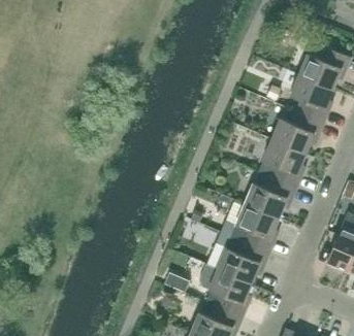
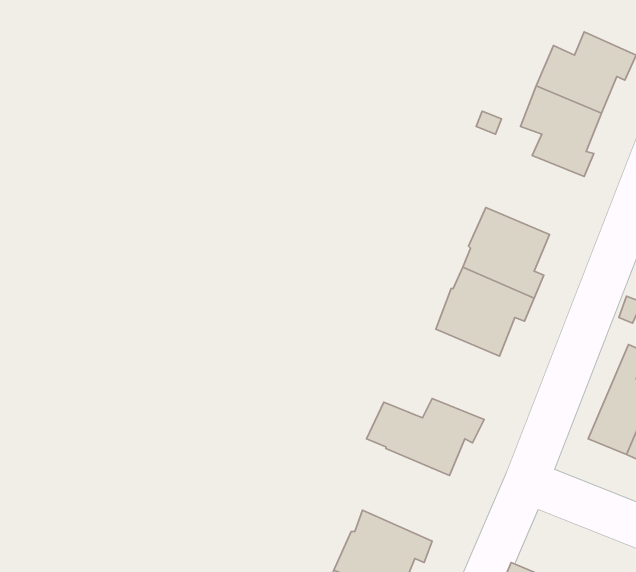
building: [271,111,324,154] -> none
building: [235,204,279,253] -> none
building: [197,263,252,317] -> none

